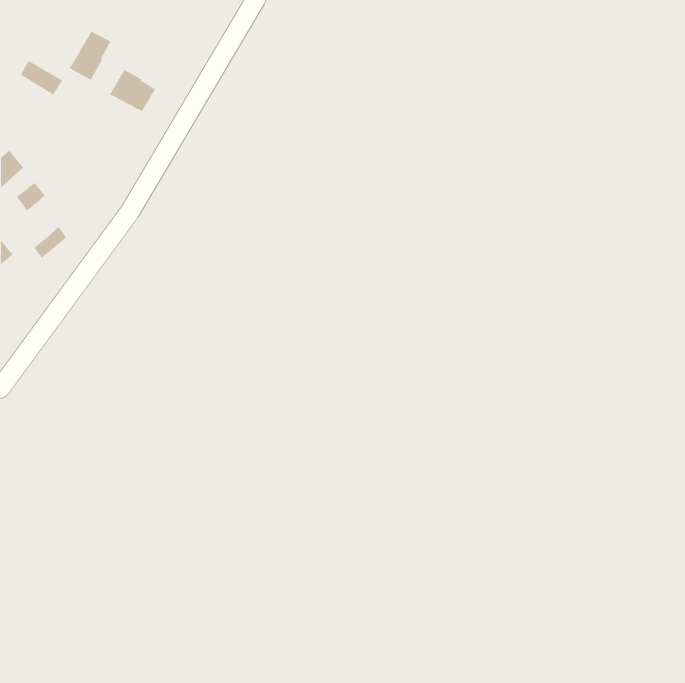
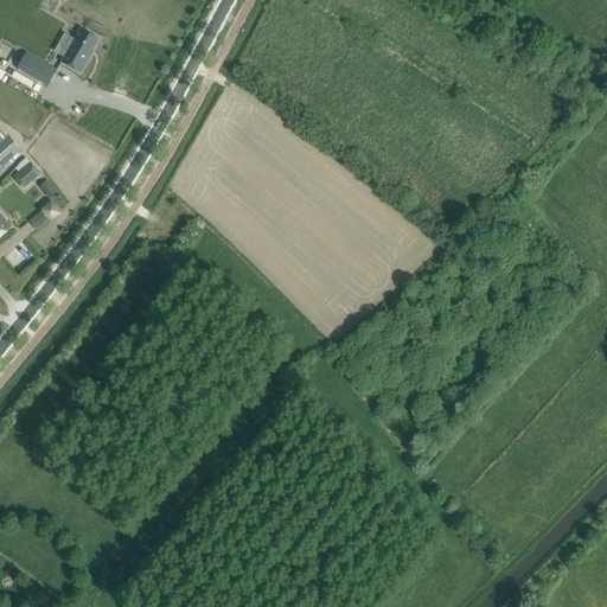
building: [109,69,156,112] -> none

